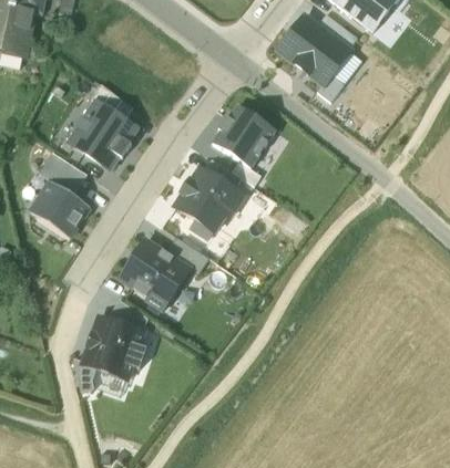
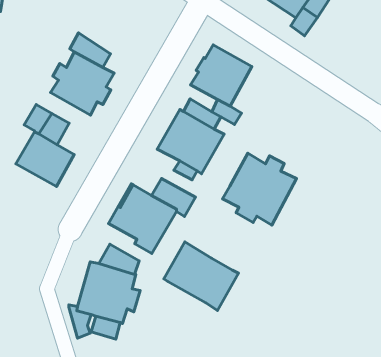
building: none -> [222,153,297,225]
building: none -> [164,242,239,310]

